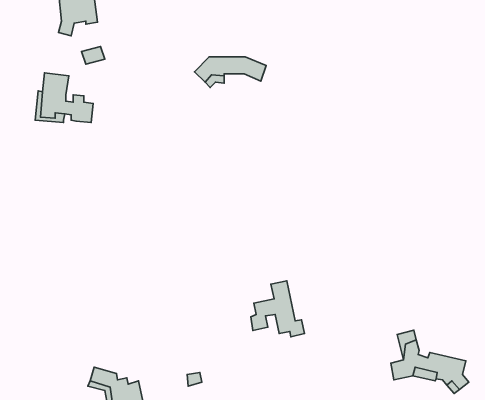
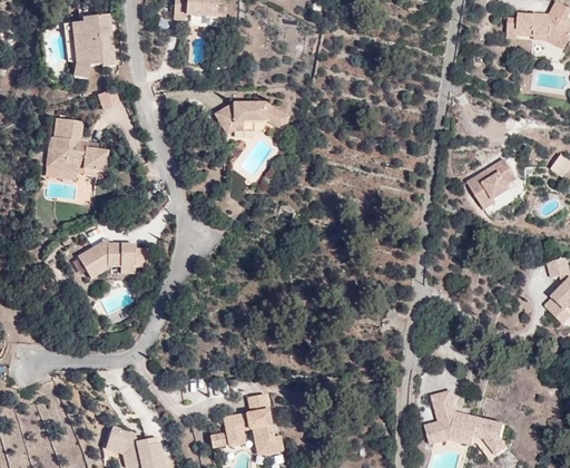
building: none -> [469,160,518,211]
building: none -> [80,242,149,277]
building: [251,281,305,337] -> [225,393,282,452]

